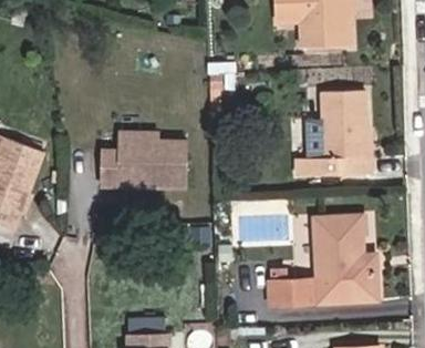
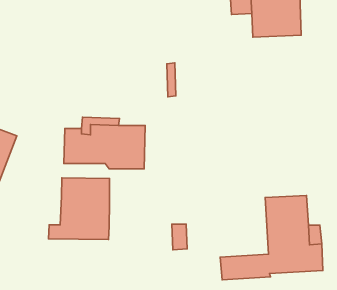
building: [296,88,369,176] -> none
building: none -> [49,178,110,239]

